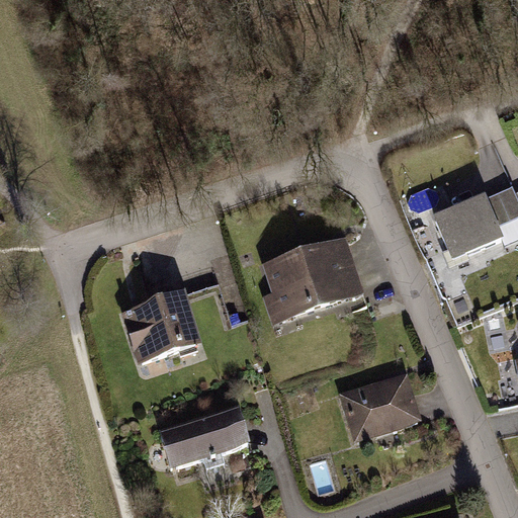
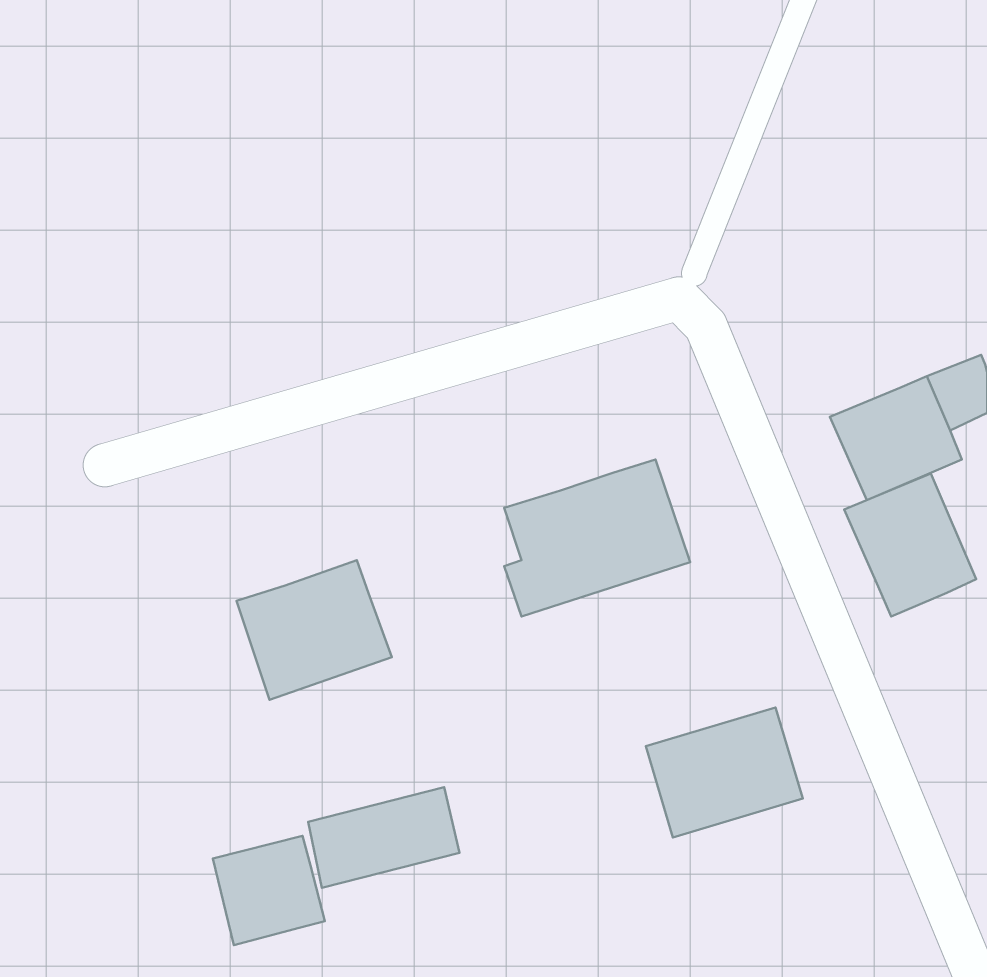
building: none -> [844,474,976,617]
building: none -> [213,836,325,945]

